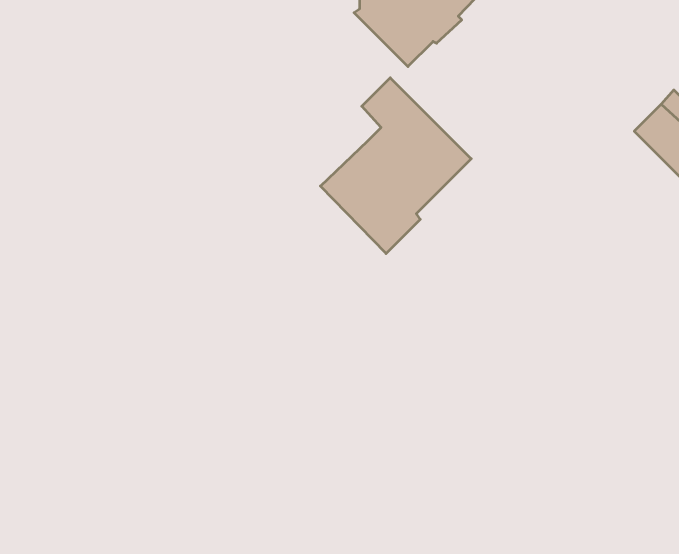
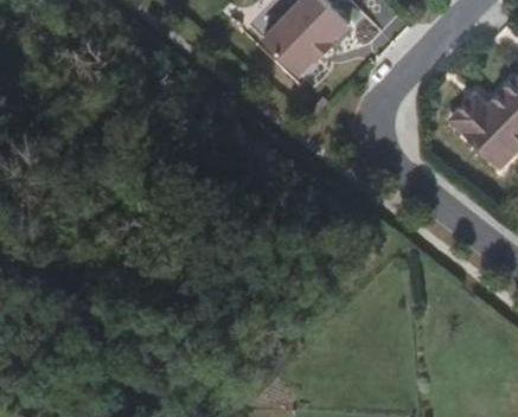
building: [320,78,471,254] -> none

